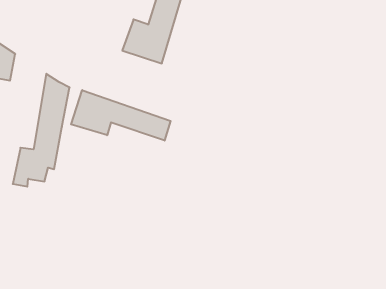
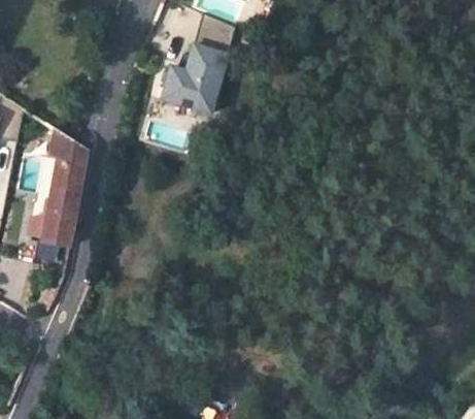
building: [71,90,171,141] -> none

